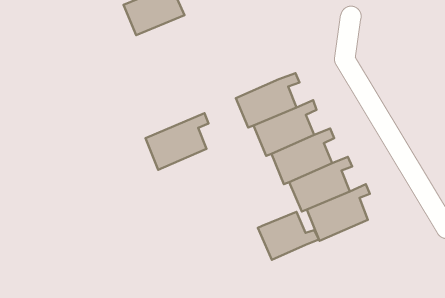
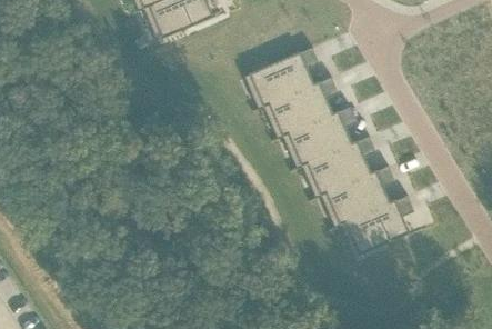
building: [146,113,209,170] -> [249,48,315,108]
building: [258,212,319,260] -> none

